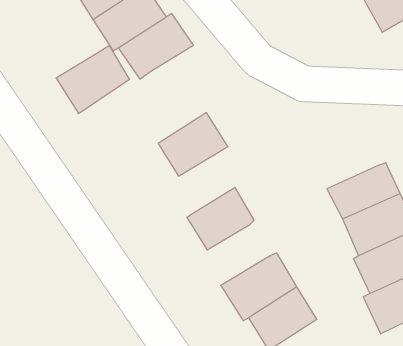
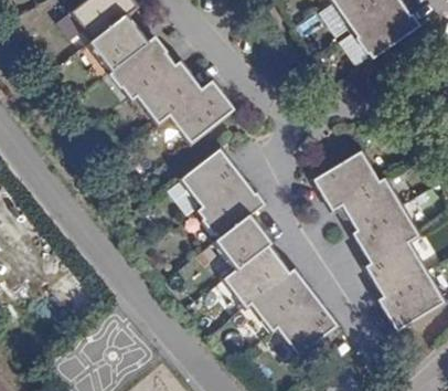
building: [56,45,130,114] -> [168,80,234,144]
building: none -> [312,150,380,209]
building: none -> [195,176,263,239]
building: none -> [223,244,290,306]

